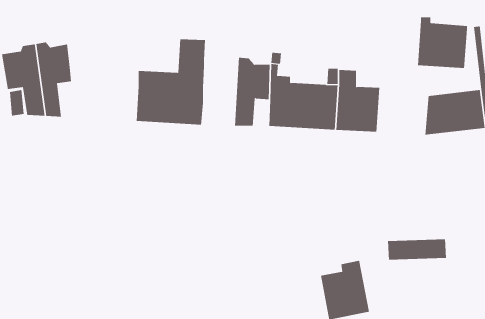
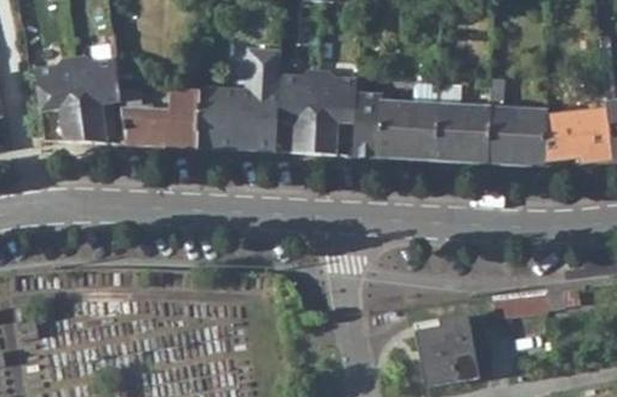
building: [417,17,468,68] -> [485,103,545,165]
building: none -> [278,72,319,154]
building: none -> [119,87,199,148]

